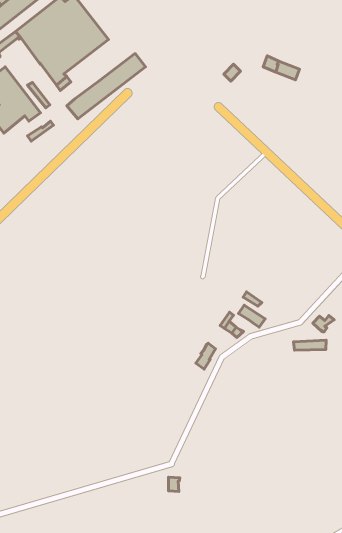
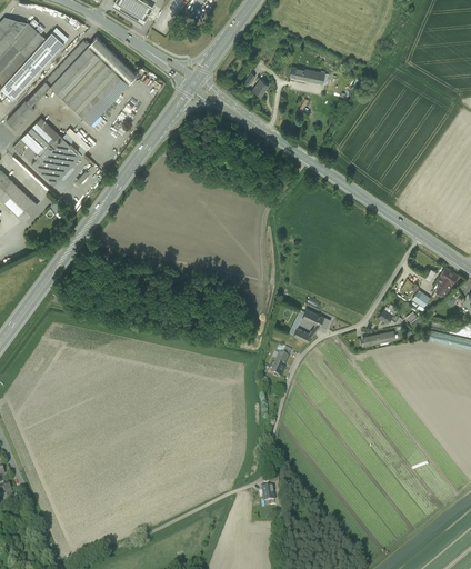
building: [67,54,145,119] -> none

